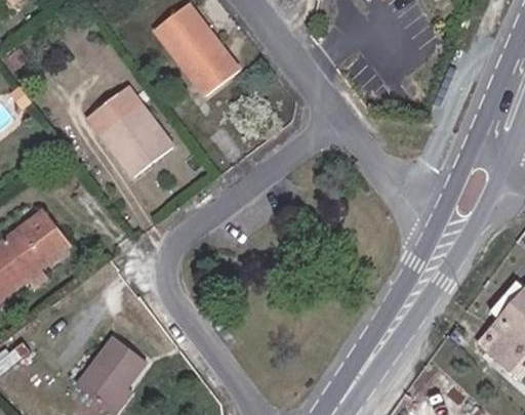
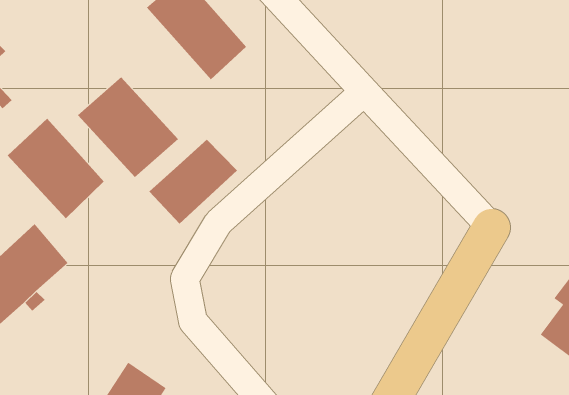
building: none -> [7,118,105,219]
building: none -> [149,139,238,224]

